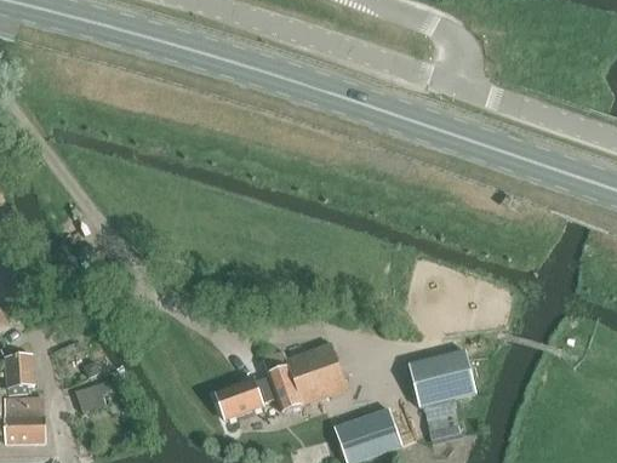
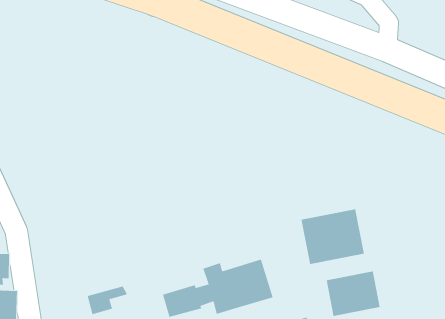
building: none -> [301,209,365,265]
building: [74,376,122,412] -> [87,286,128,315]

